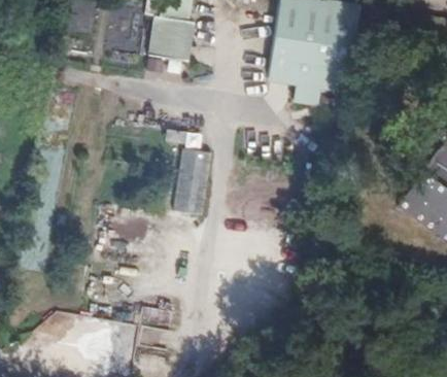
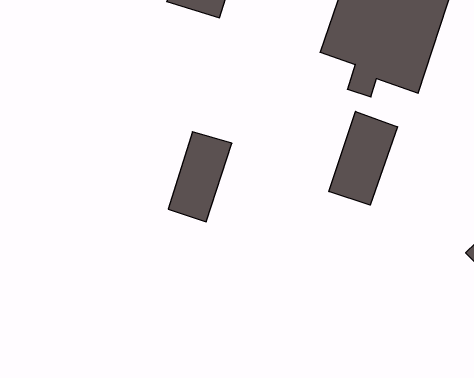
building: none -> [329,111,398,205]

